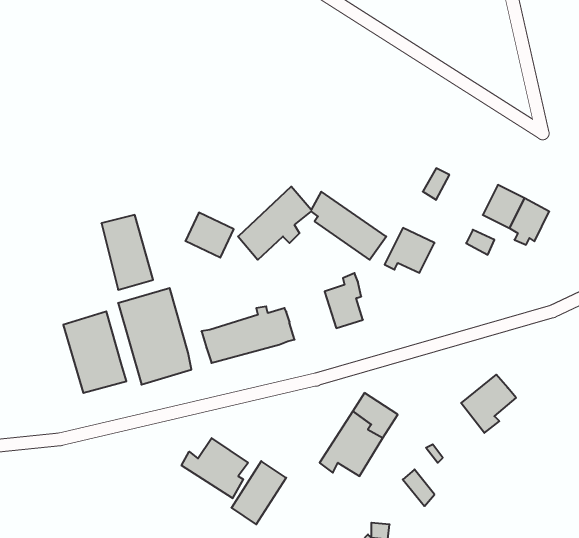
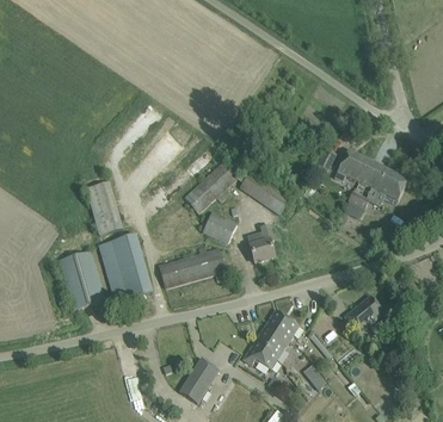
building: [185,213,234,258] -> [202,211,236,243]
building: [385,228,435,273] -> [334,149,370,181]
building: [182,438,248,498] -> none

